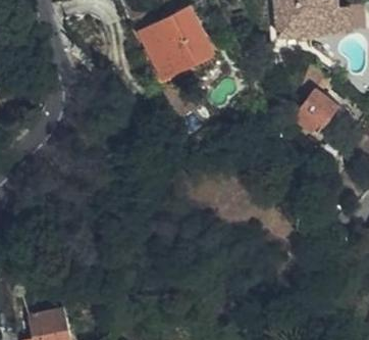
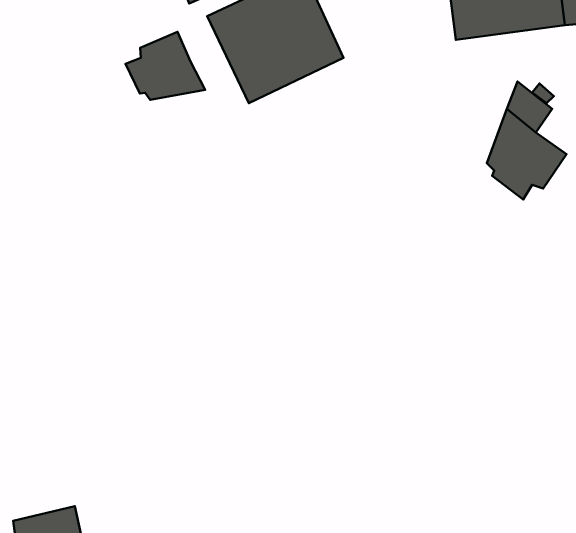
building: none -> [125,32,205,100]

